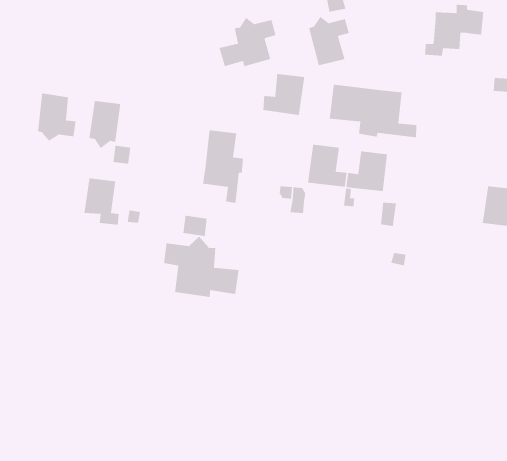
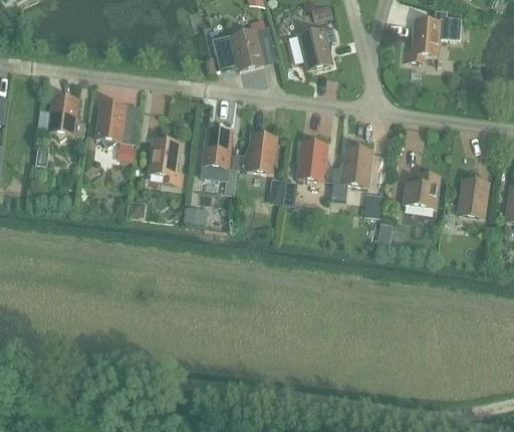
building: [262,73,305,116] -> [237,133,276,172]
building: [329,84,417,138] -> none
building: [83,177,120,226] -> [149,138,182,182]
building: none -> [403,172,438,206]
building: [163,236,239,298] -> none

